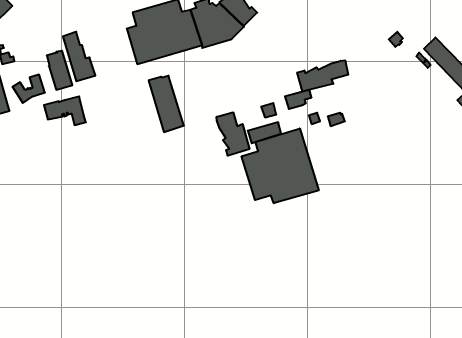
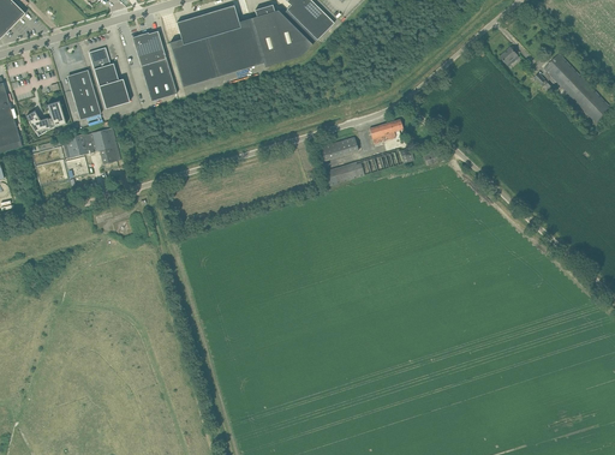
building: [297,60,348,92] -> none
building: [149,76,184,132] -> [132,30,177,101]
building: [217,112,249,156] -> none
building: [242,128,319,203] -> none

